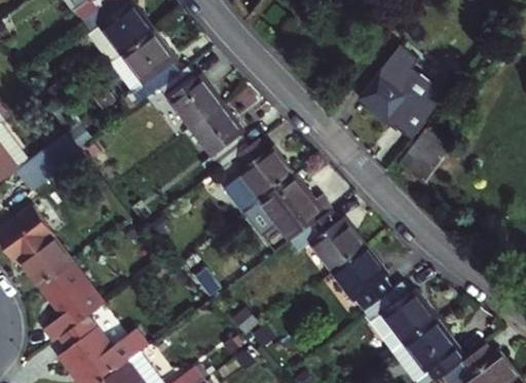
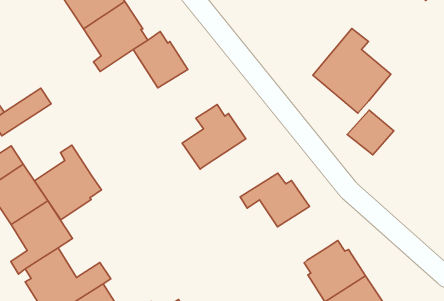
building: [190,103,249,175] -> none
building: [246,175,331,240] -> none
building: none -> [35,145,102,220]
building: [332,246,387,306] -> none

